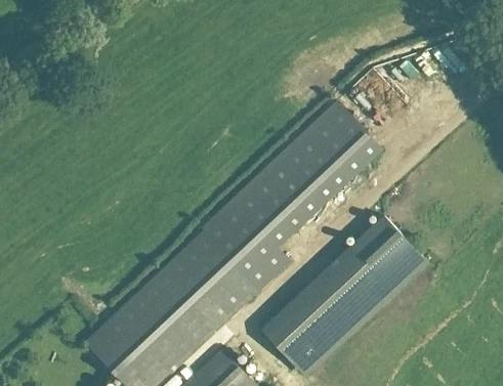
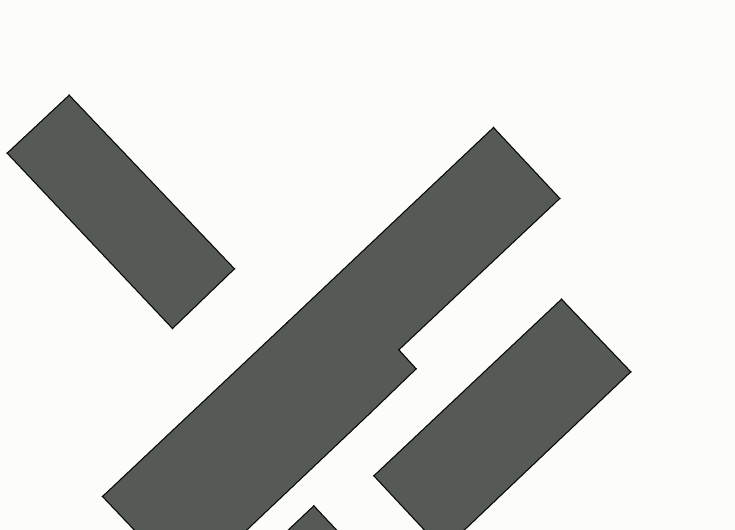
building: none -> [7,95,235,328]

